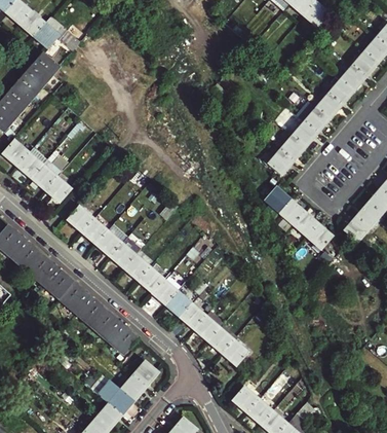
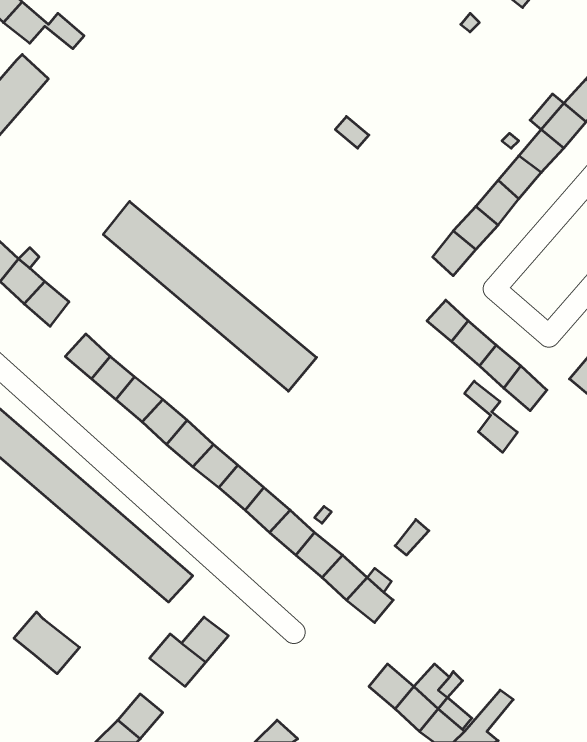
building: none -> [103,201,317,391]
building: none -> [465,381,517,452]
building: [98,380,133,413] -> [14,612,80,674]

